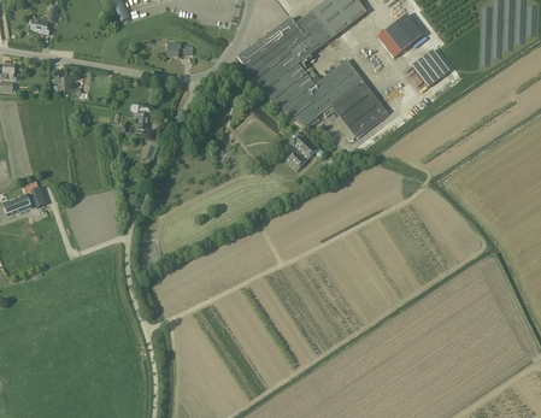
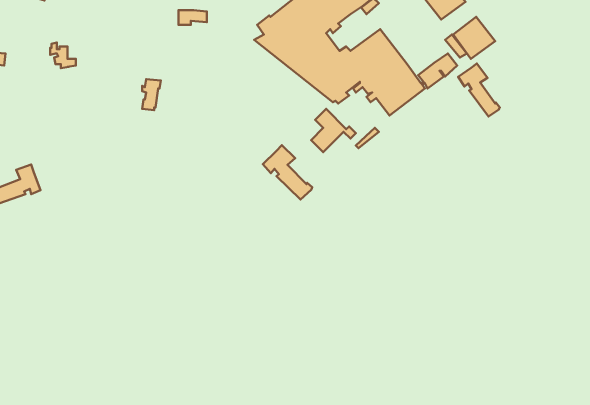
building: none -> [458,63,500,116]
building: none -> [263,145,312,200]

